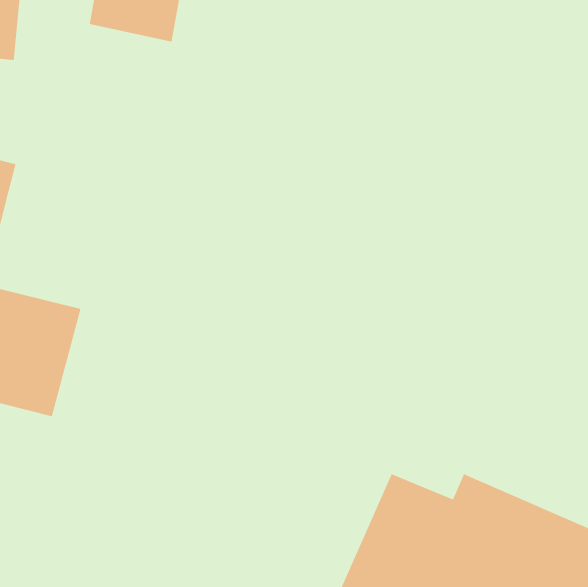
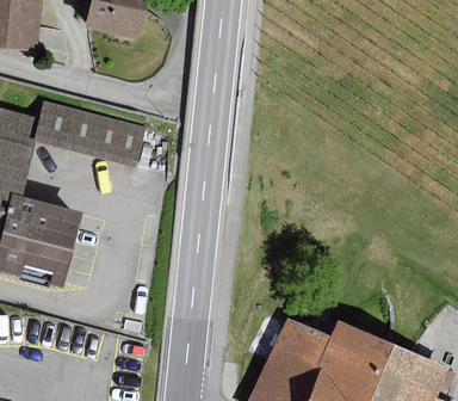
building: none -> [31,99,142,165]

